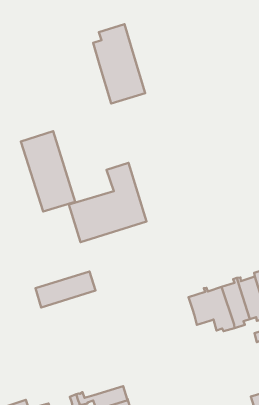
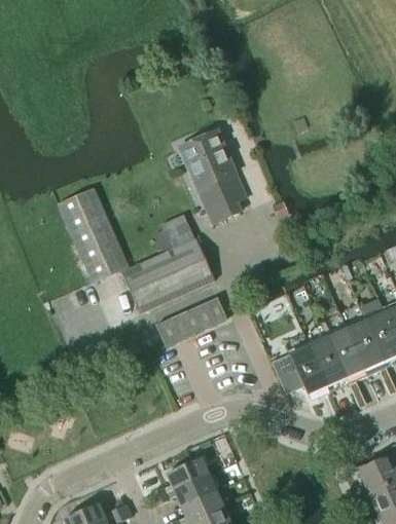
building: [93,24,145,103] -> [183,130,250,224]
building: [35,271,95,307] -> [156,297,226,345]
building: none -> [163,458,209,493]

